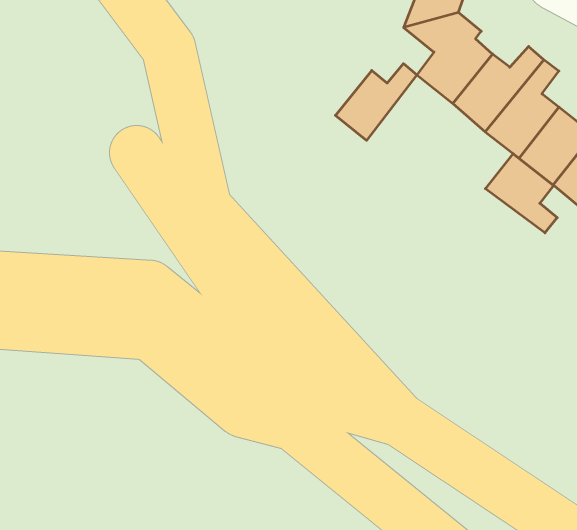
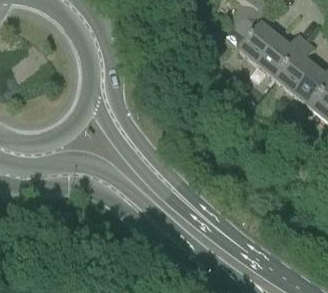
building: [335,64,417,140] -> none
building: [485,154,557,233] -> none

